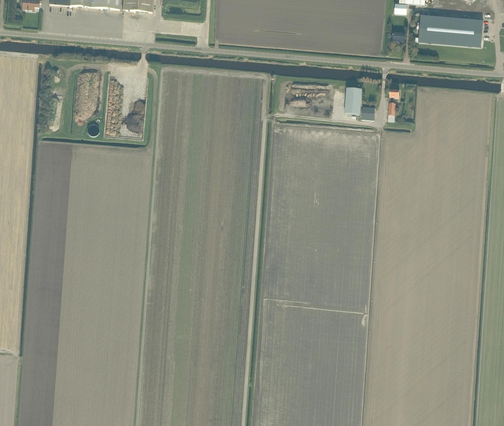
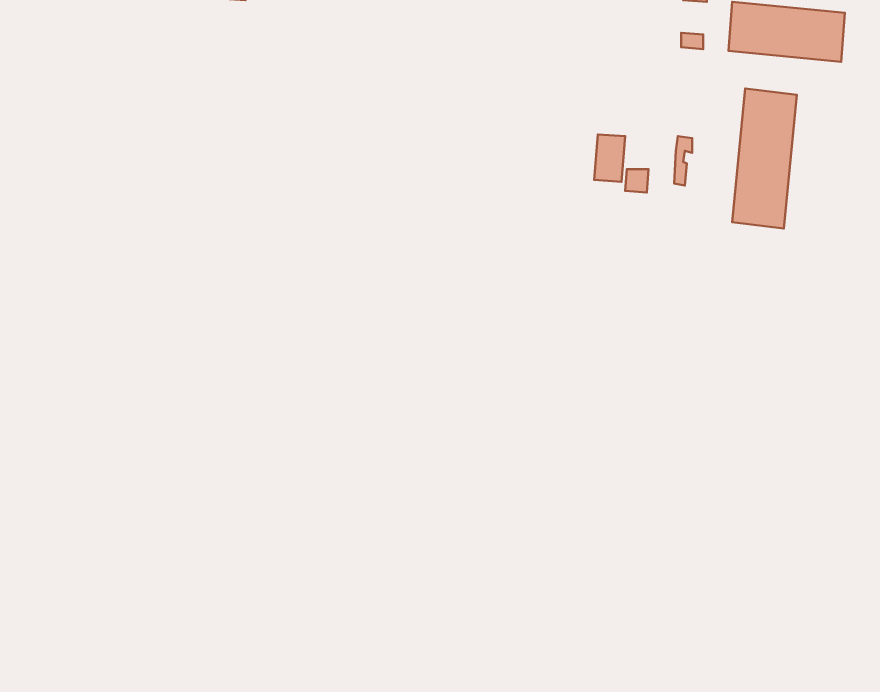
building: none -> [732,89,797,228]

